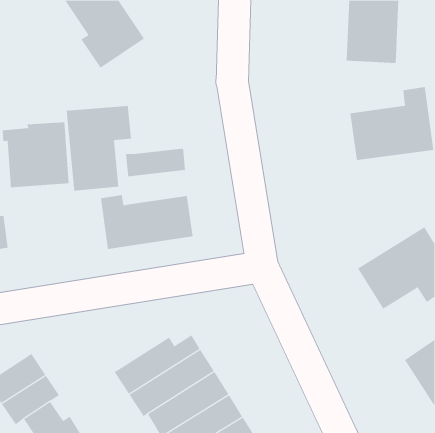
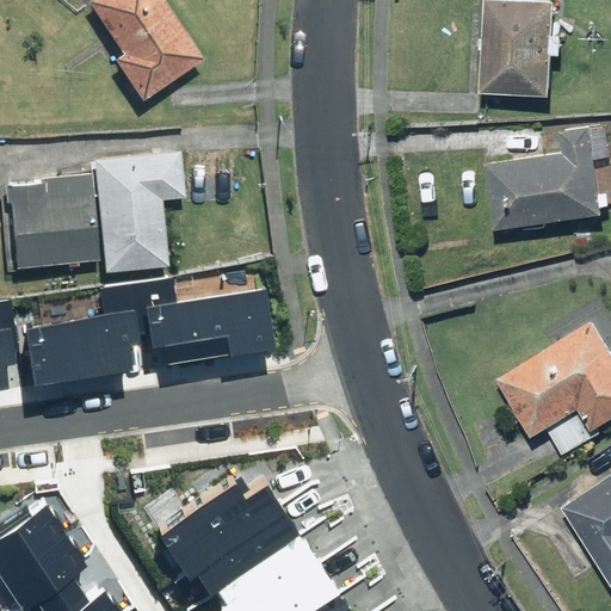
building: [126,148,186,177] -> none
building: none -> [21,285,136,372]

